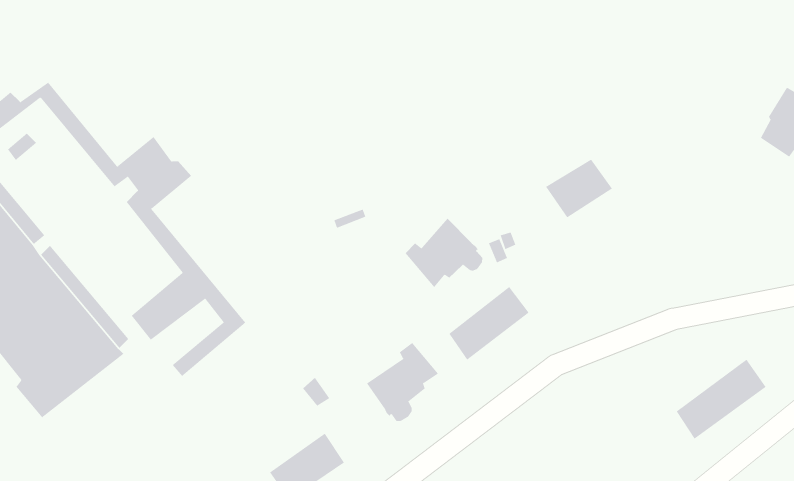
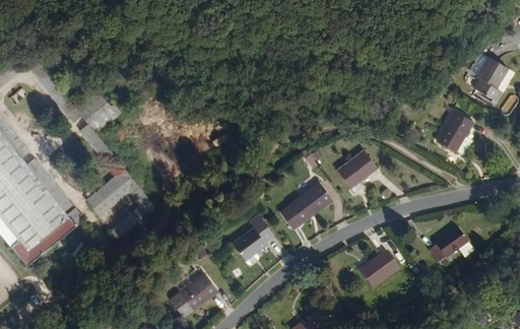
building: [545,159,613,218] -> [334,152,376,189]
building: none -> [432,113,470,159]
building: [405,218,483,288] -> none
building: none -> [356,255,396,291]

